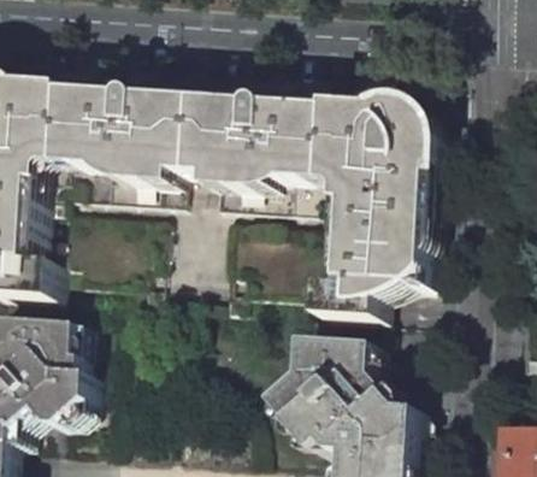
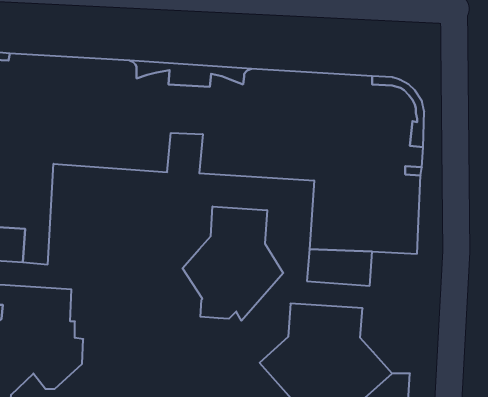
building: none -> [183,206,283,321]

